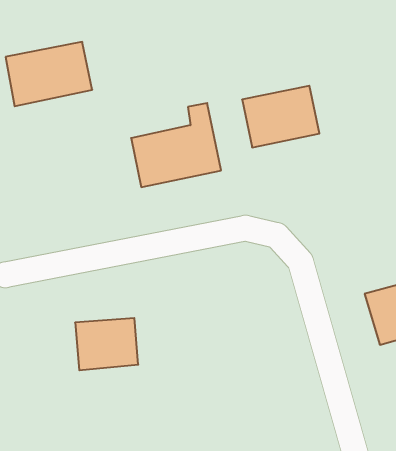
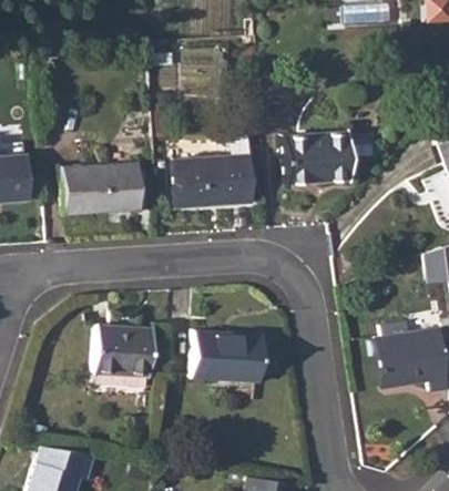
building: [6,42,92,106] -> [63,162,141,214]
building: none -> [192,331,264,380]

